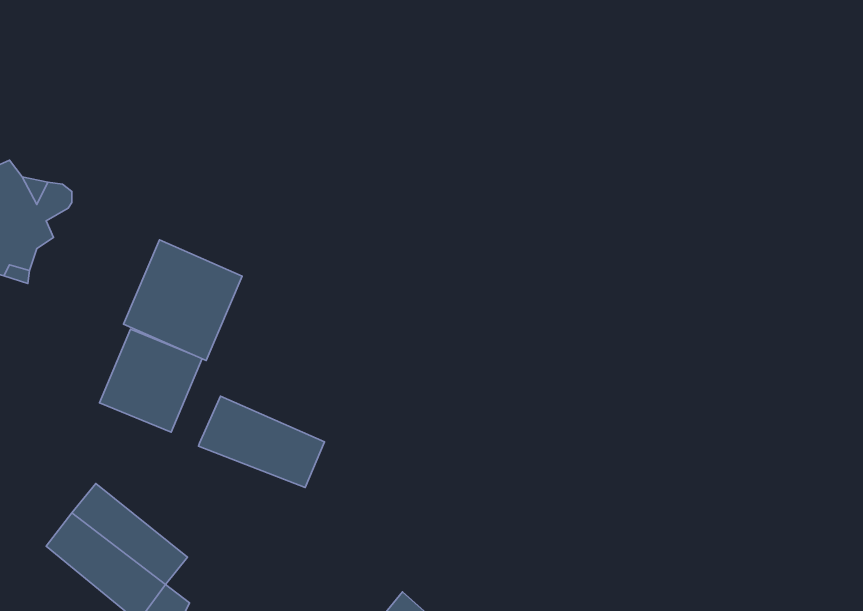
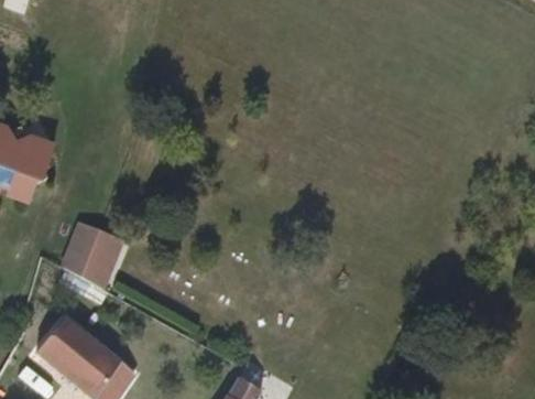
building: [124,240,242,360] -> none
building: [198,396,325,488] -> none

